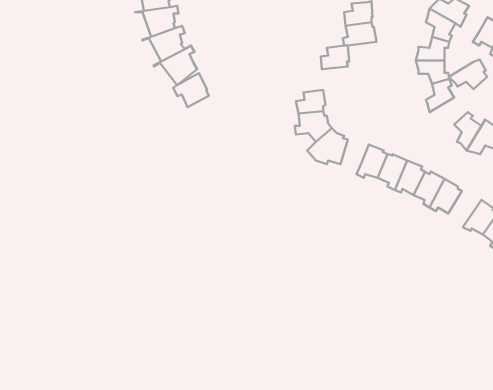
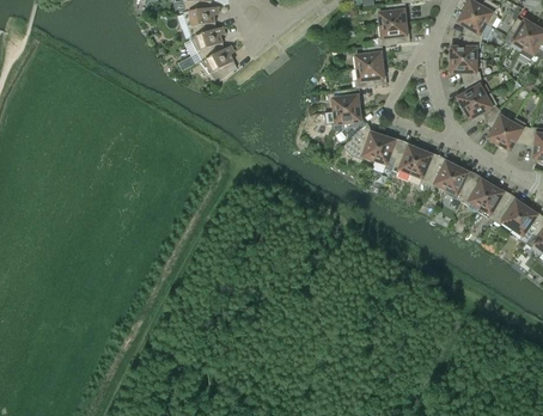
building: [449,59,487,89] -> [460,92,498,121]
building: none -> [354,65,386,87]
building: [173,73,209,107] -> none
building: none -> [374,135,402,169]
building: none -> [478,185,511,220]

